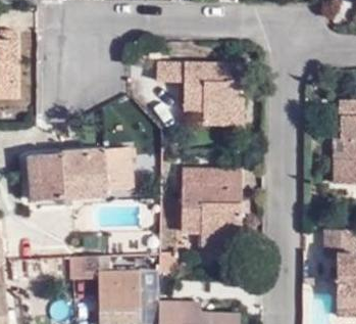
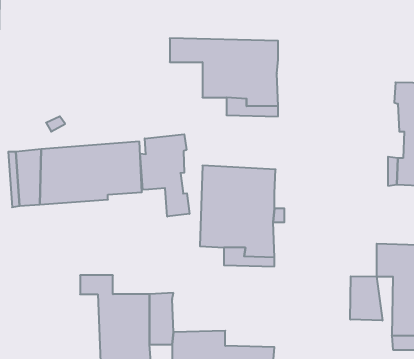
building: none -> [140,134,189,217]
building: none -> [350,276,382,321]

